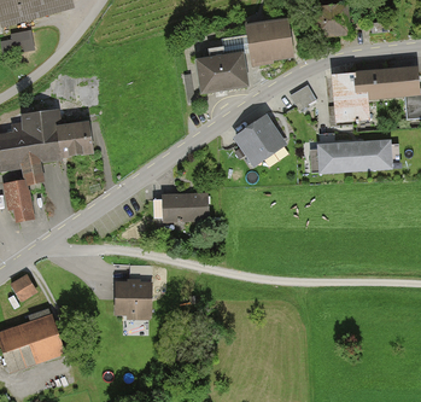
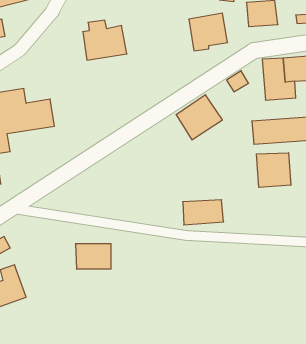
building: [195,46,246,92] -> [83,20,127,60]
building: none -> [257,153,291,187]
building: [162,191,209,220] -> [183,200,224,225]

